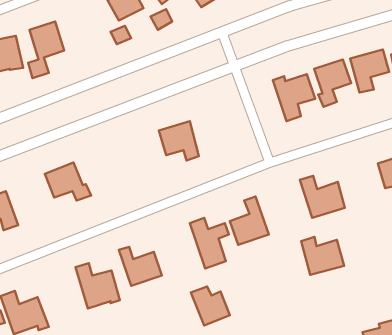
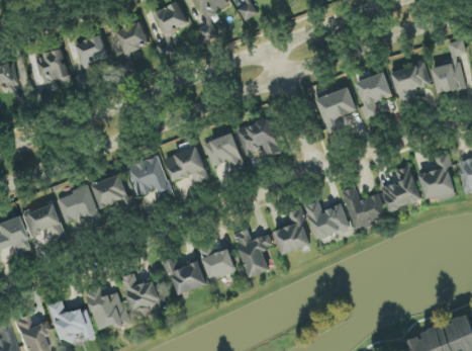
building: none -> [114,20,147,63]
building: none -> [235,116,282,156]
building: none -> [164,146,208,184]
building: none -> [125,154,172,197]
building: none -> [381,165,421,211]
building: none -> [56,185,100,225]
building: [301,237,344,275] -> [306,200,349,238]
building: none -> [84,286,128,332]
building: [191,286,230,325] -> [198,242,237,280]

